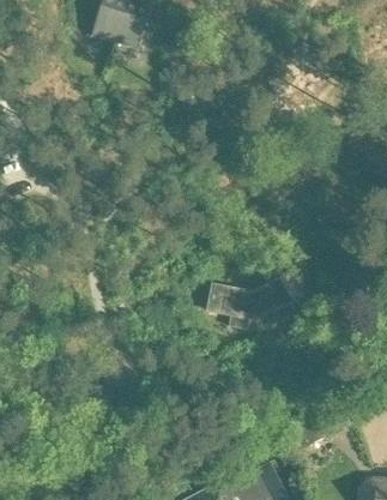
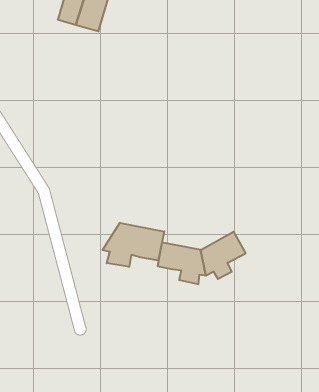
building: none -> [103,223,164,267]

